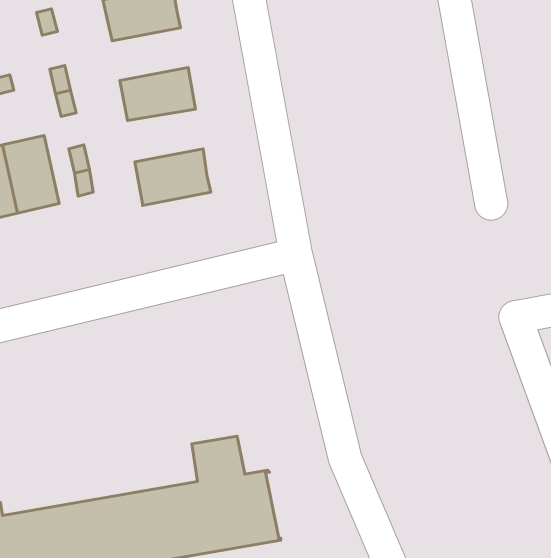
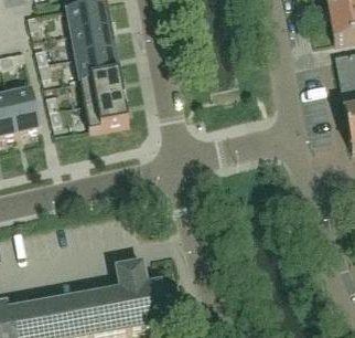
building: none -> [72,25,116,56]
building: none -> [80,73,125,104]

